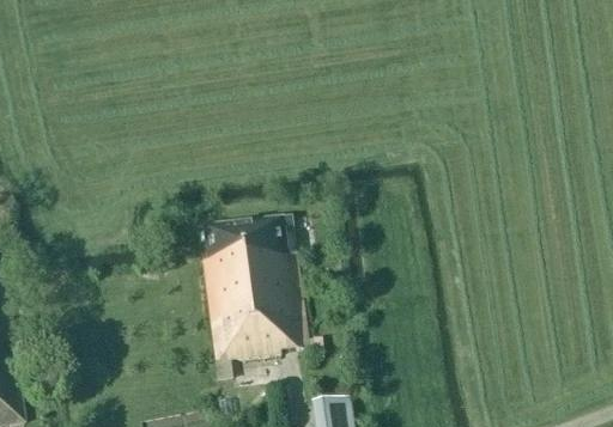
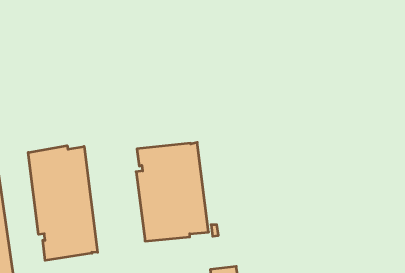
building: none -> [28,146,98,260]

